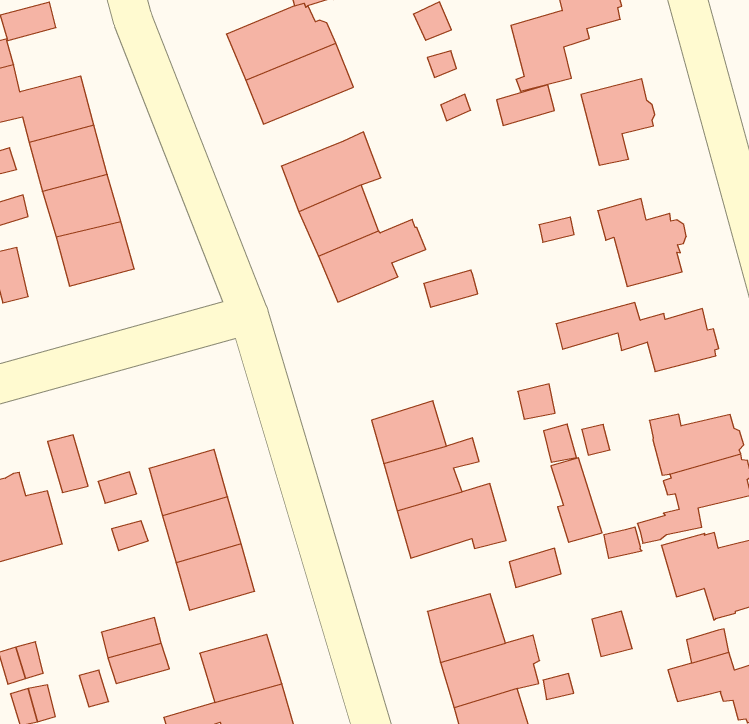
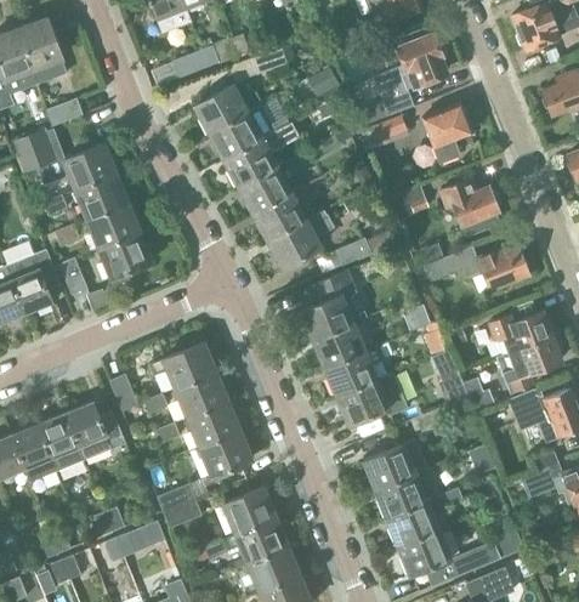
building: none -> [222,121,300,186]
building: none -> [301,272,364,341]
building: none -> [149,342,215,388]

